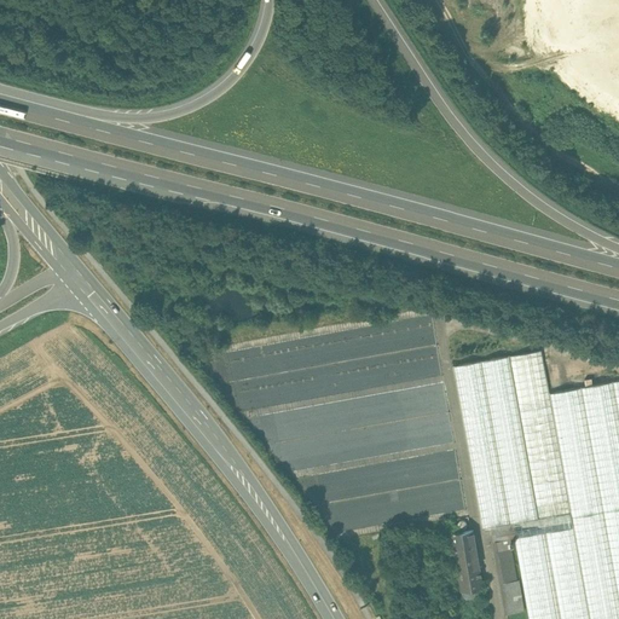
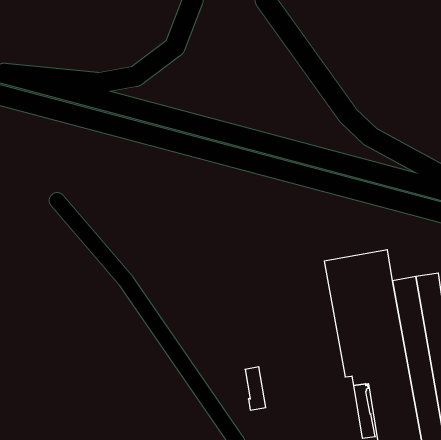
building: [455,532,484,592] -> [245,367,266,410]

